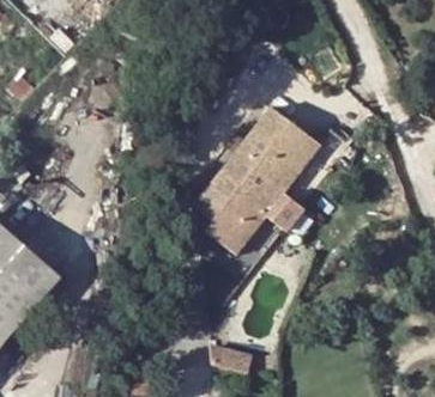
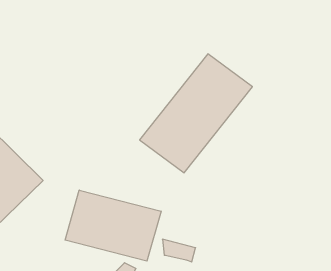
building: none -> [65,190,161,261]

